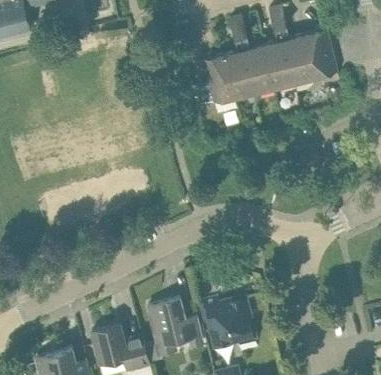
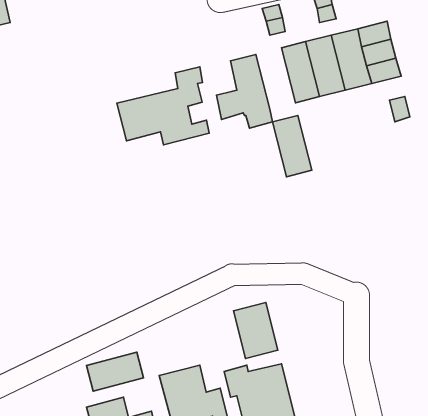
building: [224,49,255,97] -> [272,116,312,177]
building: none -> [117,67,209,145]
building: none -> [233,302,278,358]
building: none -> [86,352,143,391]

